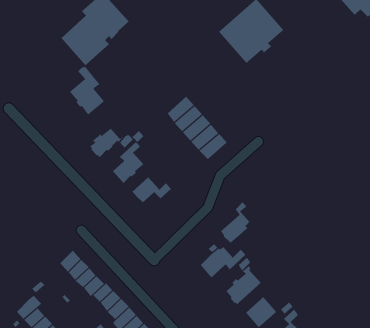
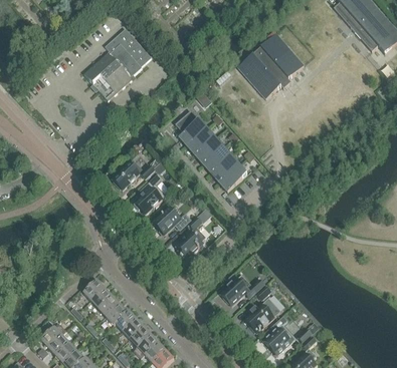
building: [69,66,105,115] -> none
building: none -> [174,109,206,145]
building: [220,201,250,244] -> [176,216,205,257]

